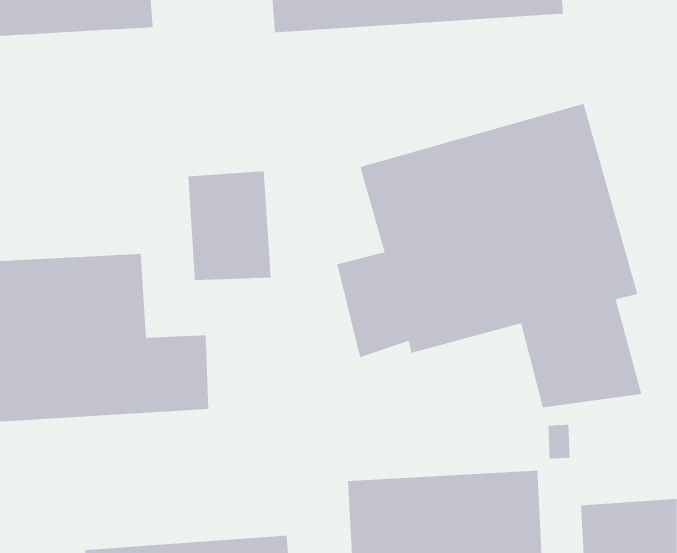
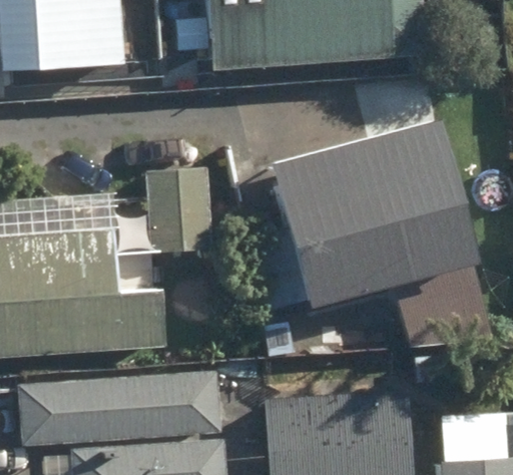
building: none -> [17,373,220,446]

